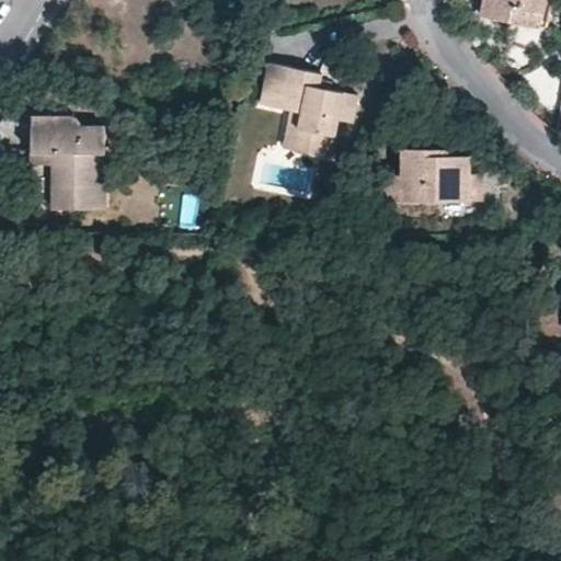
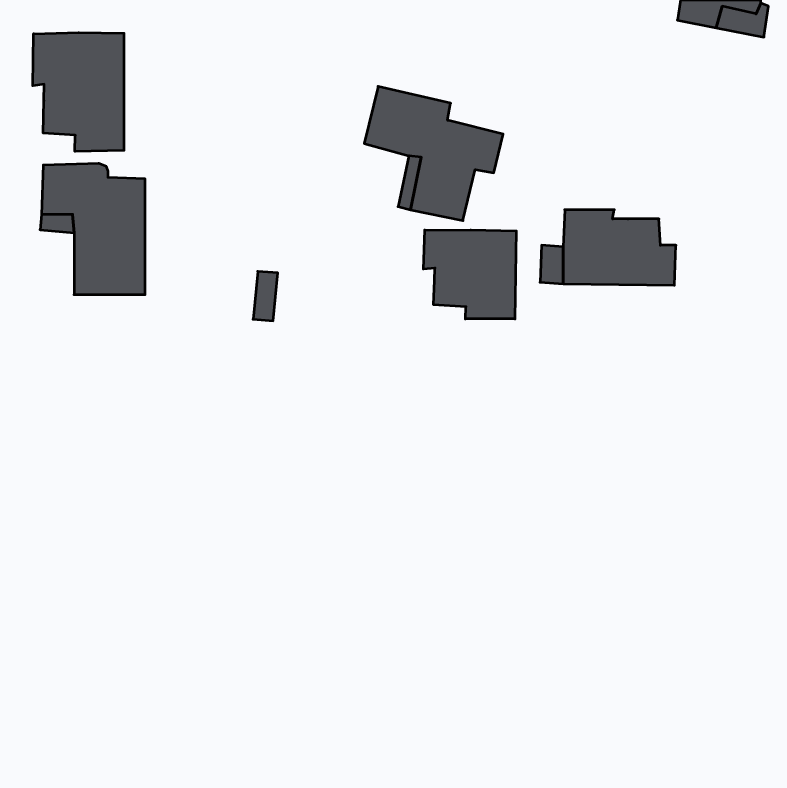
building: none -> [33,33,124,151]
building: none -> [423,230,516,319]

